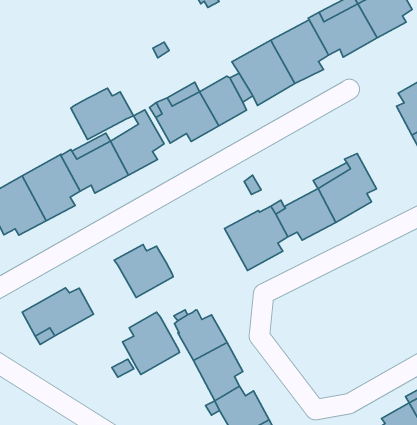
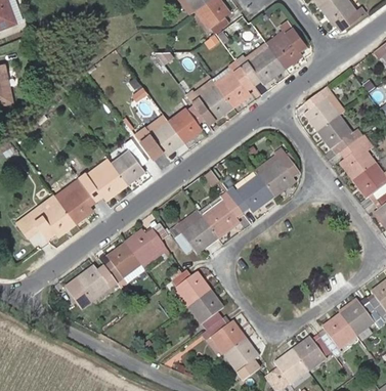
building: [71,88,133,139] -> none
building: none -> [170,211,217,254]
building: [123,312,180,374] -> [104,244,144,288]

